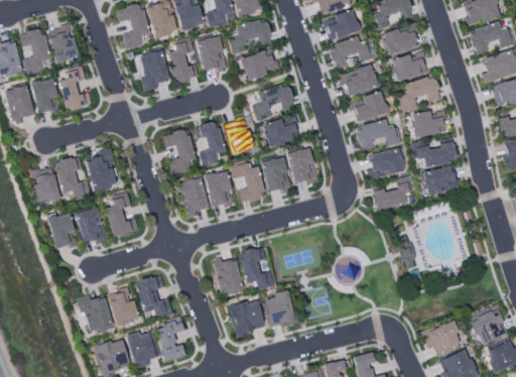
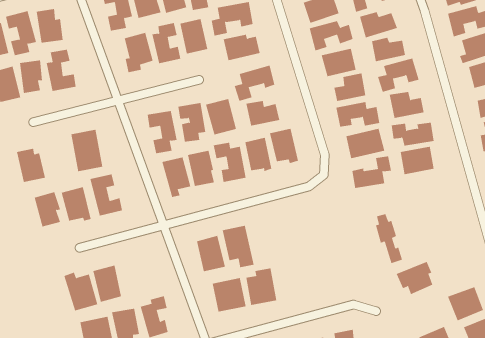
building: [55,155,91,201] -> none
building: [136,275,172,318] -> none
building: [422,321,461,355] -> [396,261,433,295]

